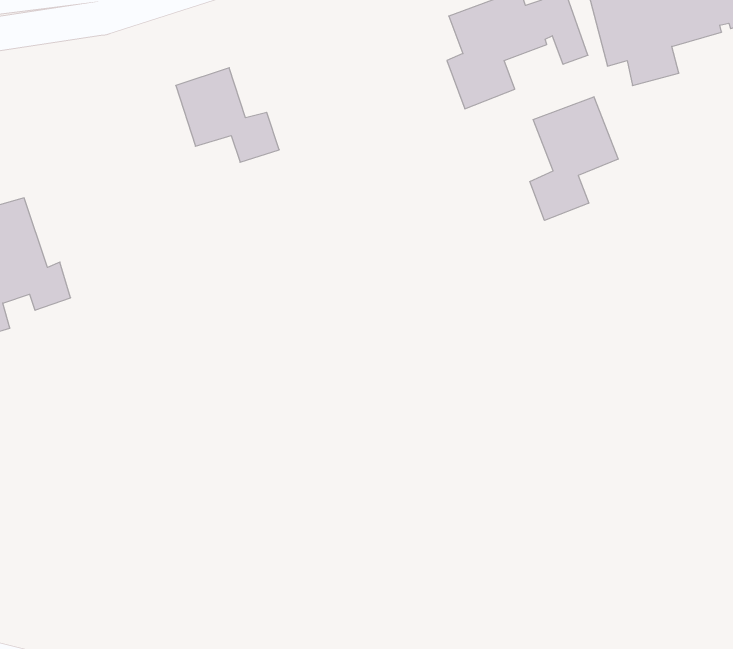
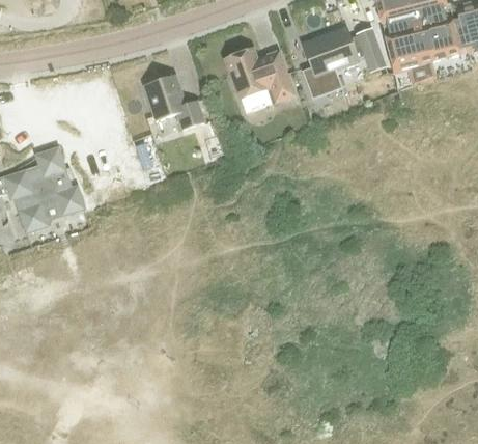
building: none -> [224,46,296,113]
building: [530,97,618,220] -> none

